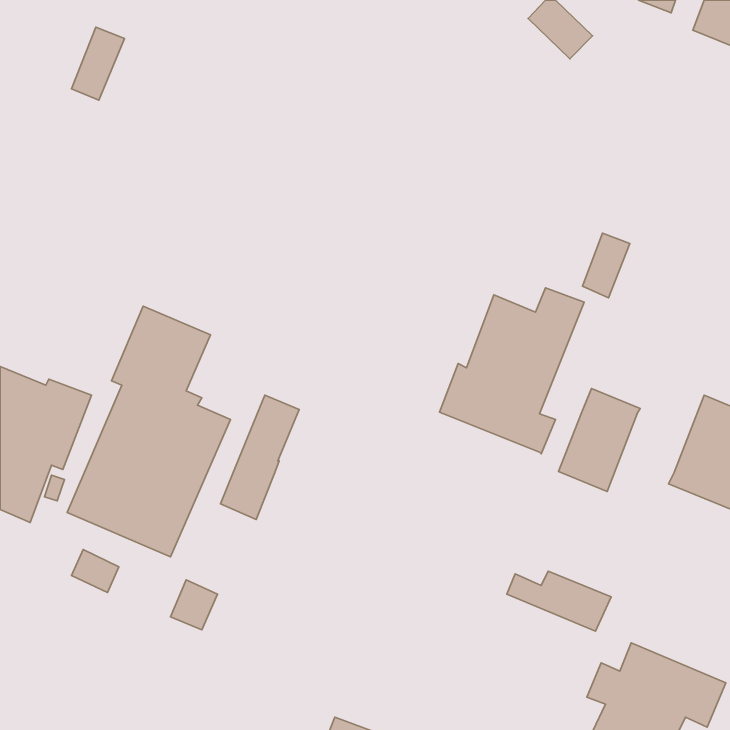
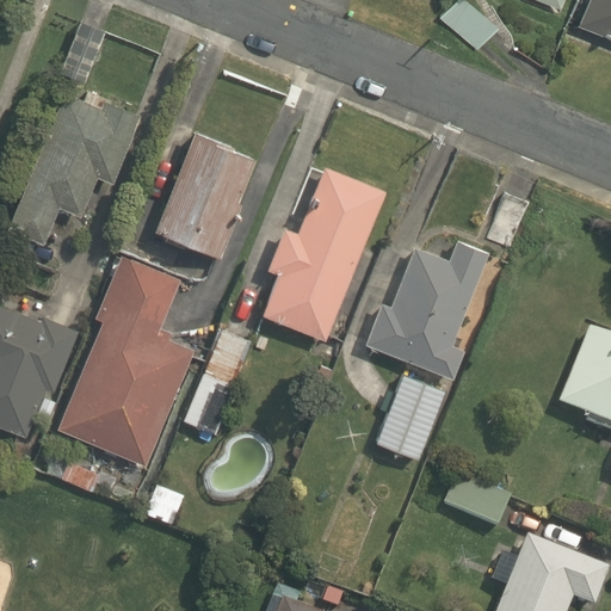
building: none -> [10,93,137,241]
building: none -> [154,135,255,259]
building: none -> [261,166,385,341]
building: [559,389,640,492] -> [377,375,445,461]

